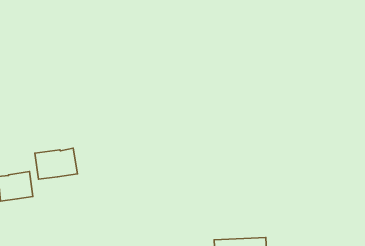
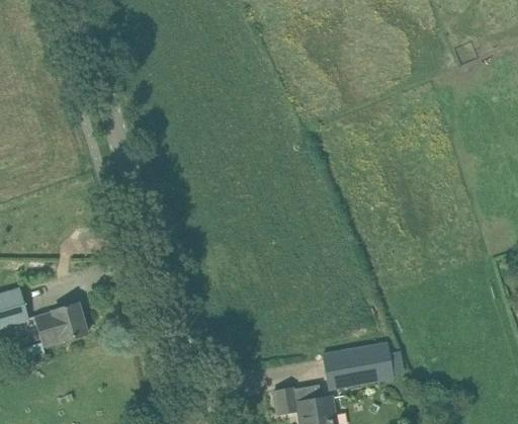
building: [35,148,78,179] -> none

